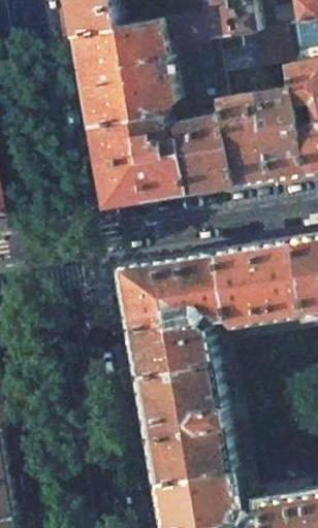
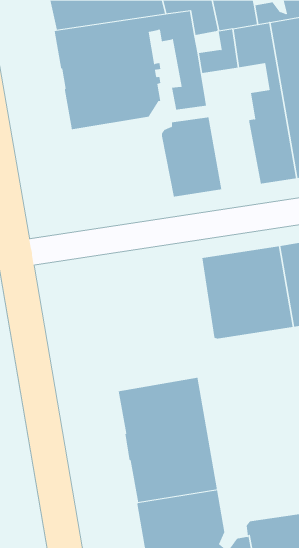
building: [218,95,269,186] -> none
building: [90,117,187,207] -> none
building: [115,251,225,377] -> none

